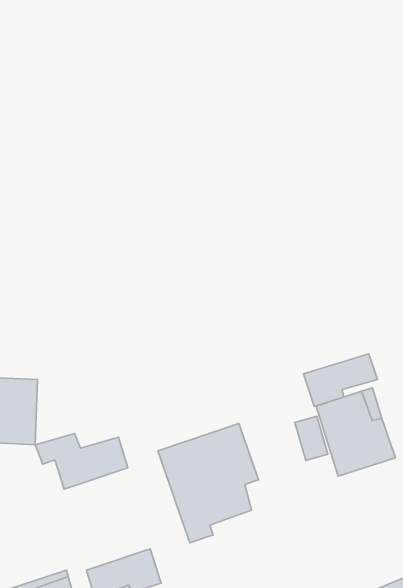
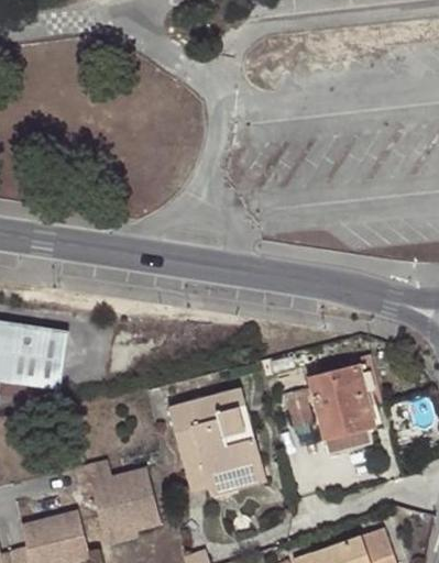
building: [303,354,378,407] -> none
building: [35,434,128,489] -> [74,460,154,508]
building: none -> [206,438,264,495]

